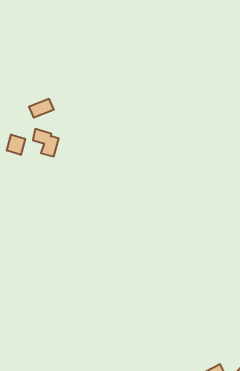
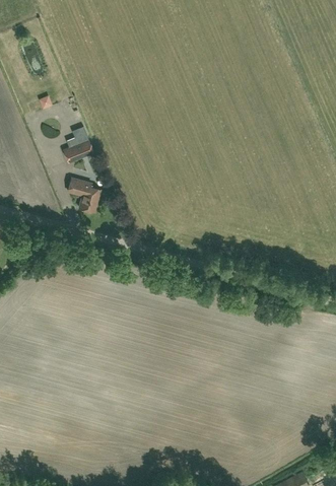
building: [7,134,25,155] -> none

